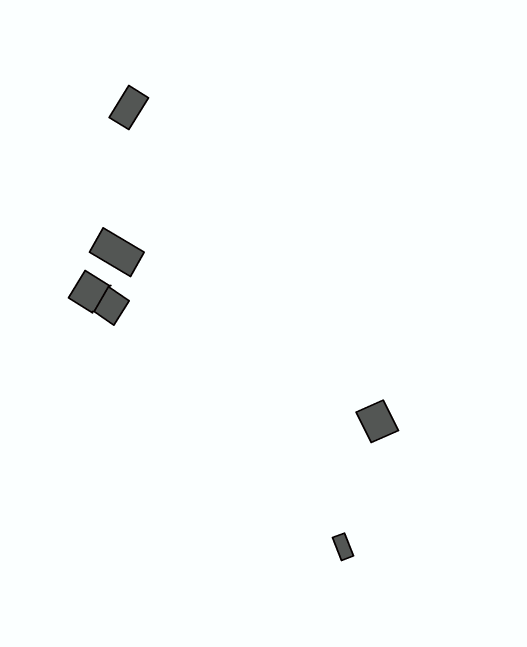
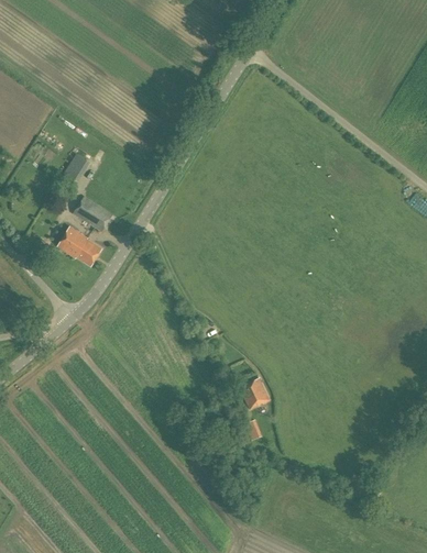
building: [109,86,149,130] -> [62,153,90,185]
building: [356,400,398,443] -> [239,378,270,409]

